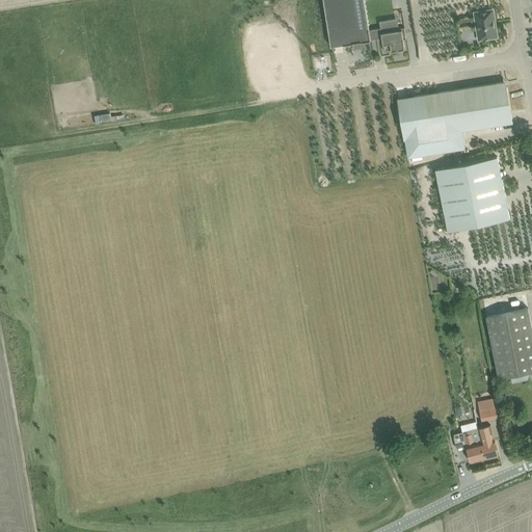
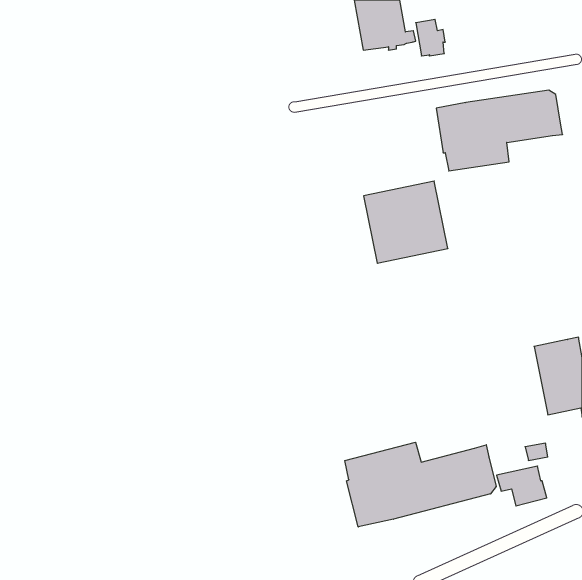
building: [475,12,497,41] -> none
building: [432,158,509,233] -> [364,181,448,263]
building: none -> [345,442,496,527]

